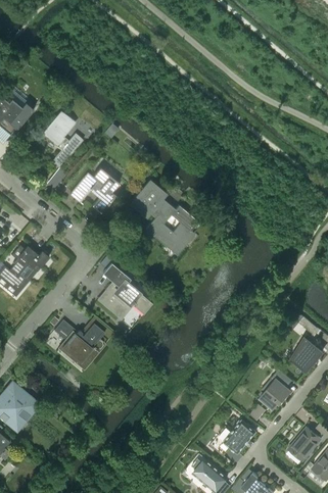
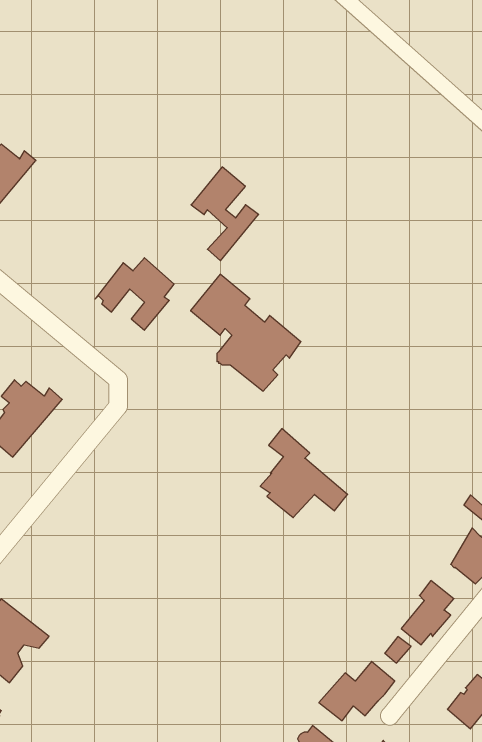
building: [41,110,83,168] -> [191,167,259,261]
building: [98,263,152,318] -> [260,429,348,518]
building: [53,321,105,369] -> none

